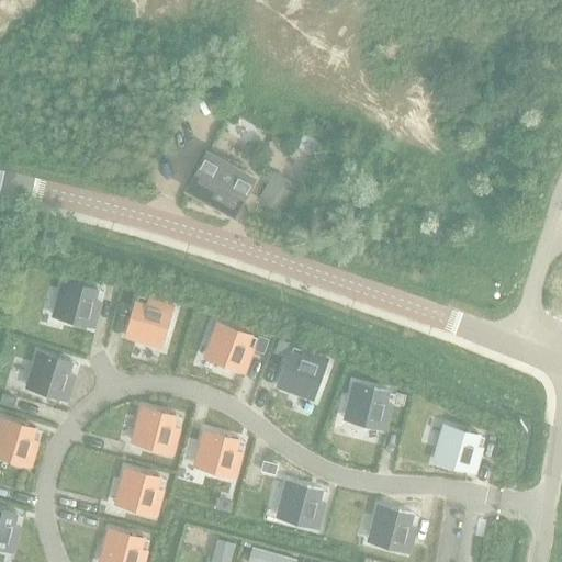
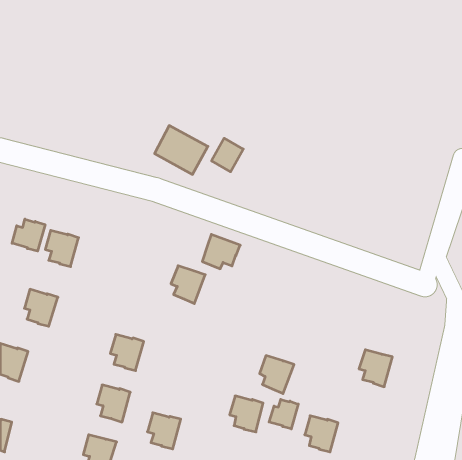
building: none -> [12,219,45,251]
building: [125,304,170,345] -> none
building: [278,355,324,396] -> [202,234,240,269]
building: [349,383,391,429] -> [260,356,294,394]
building: [196,432,237,476] -> [147,413,181,449]
building: none -> [269,399,298,429]

